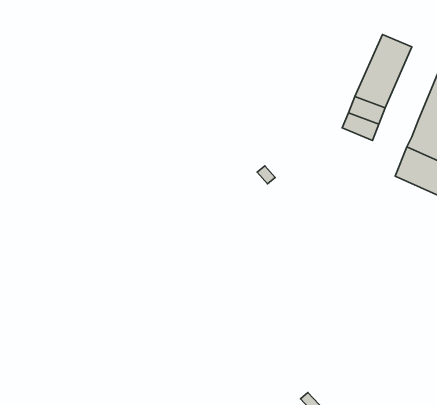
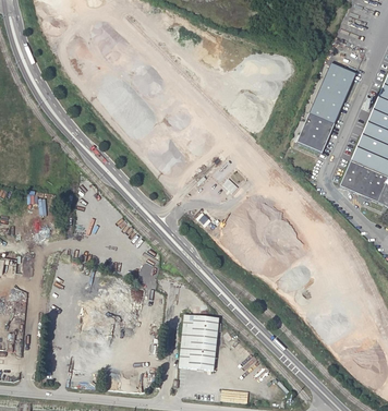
building: none -> [179,312,218,367]

